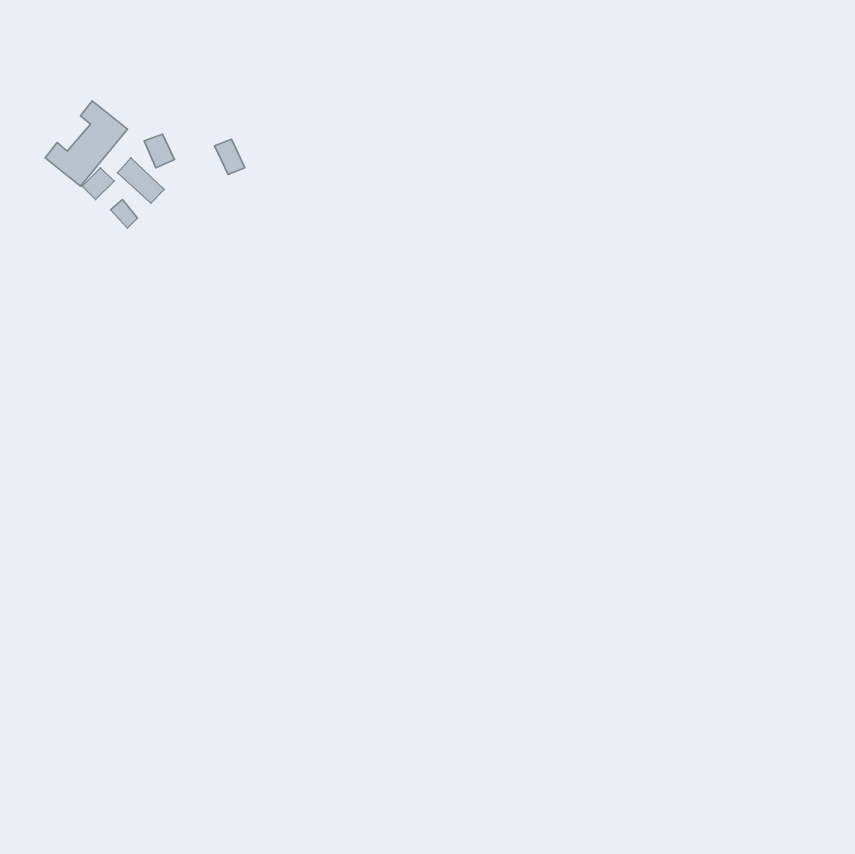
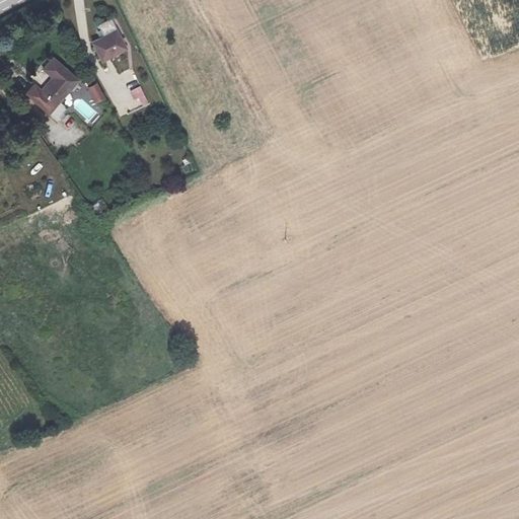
building: none -> [91,28,126,61]

